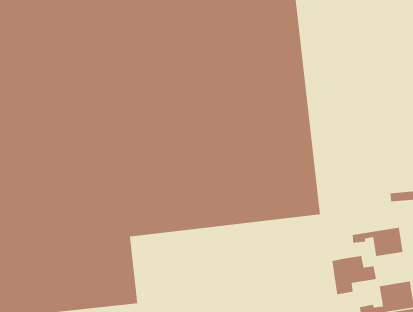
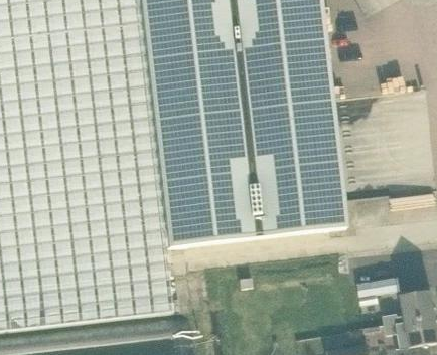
building: [352,227,404,257] -> none

